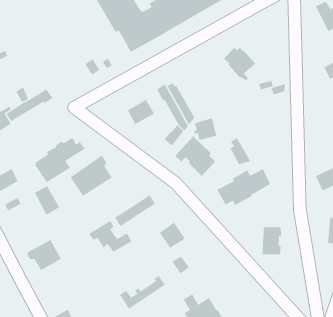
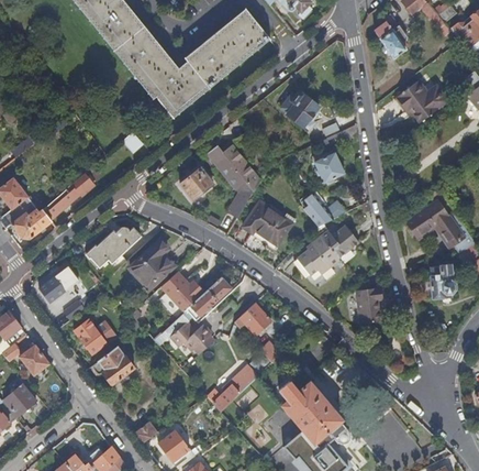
building: [193,117,217,141] -> [315,152,344,182]
building: none -> [160,271,205,310]
building: [34,185,60,216] -> [74,318,107,353]

